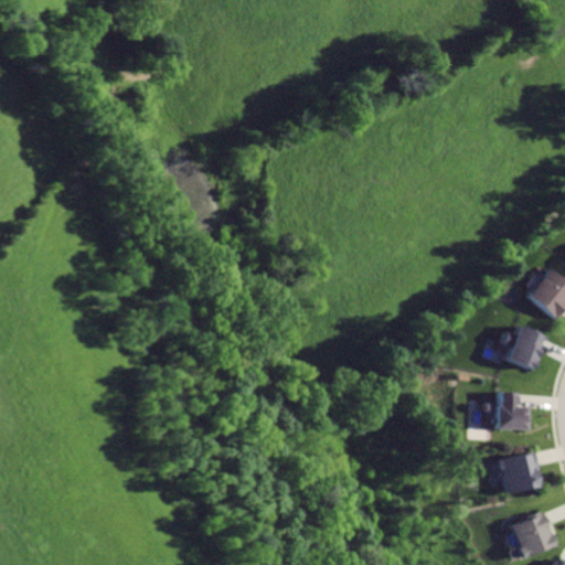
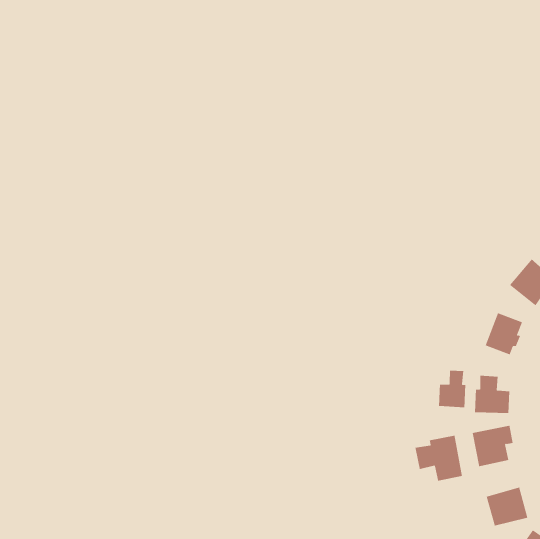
building: none -> [438,370,466,408]
building: none -> [415,435,462,481]

